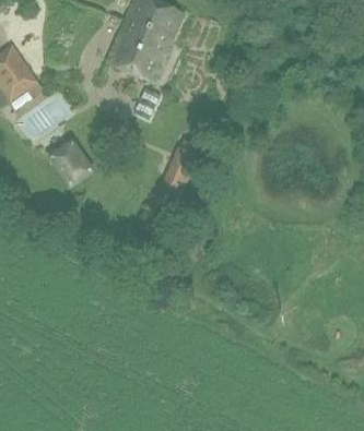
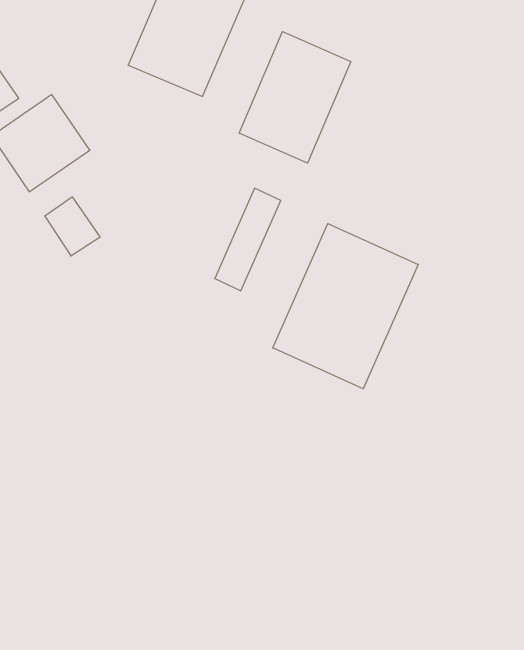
building: none -> [239,32,351,163]
building: none -> [273,224,418,389]

